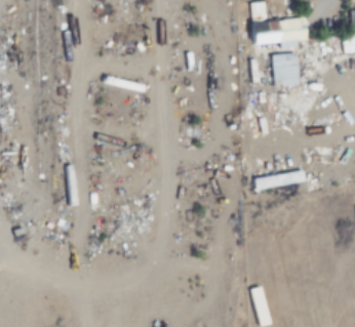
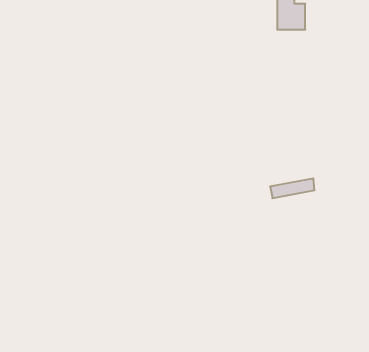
building: [281,53,299,85] -> none

